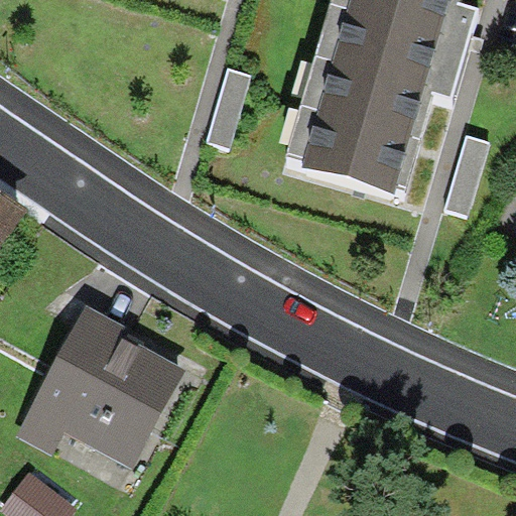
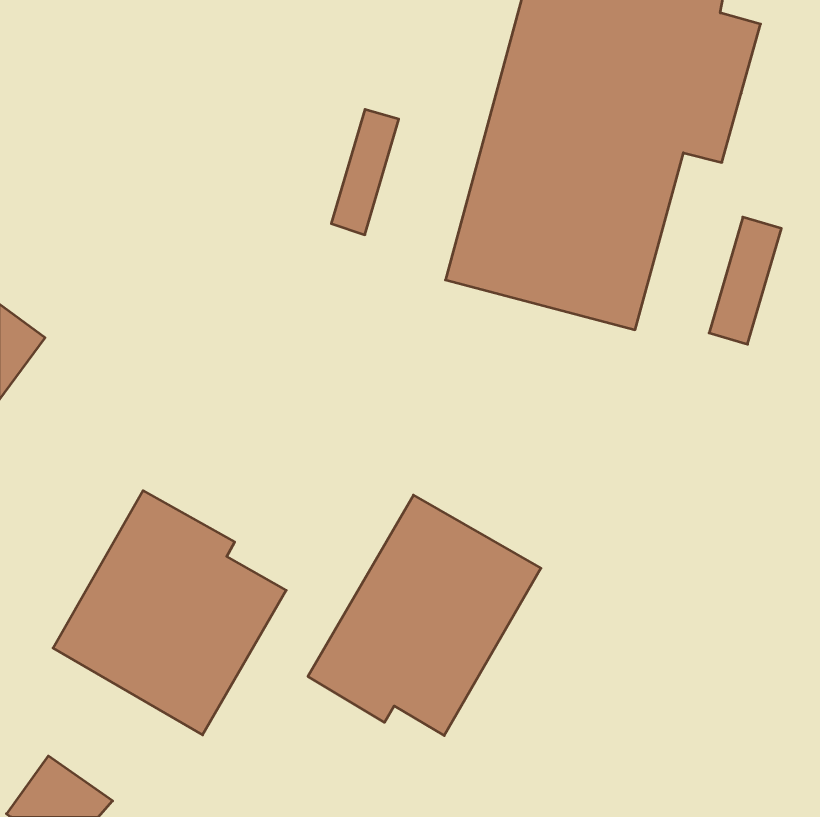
building: none -> [308,495,541,736]

